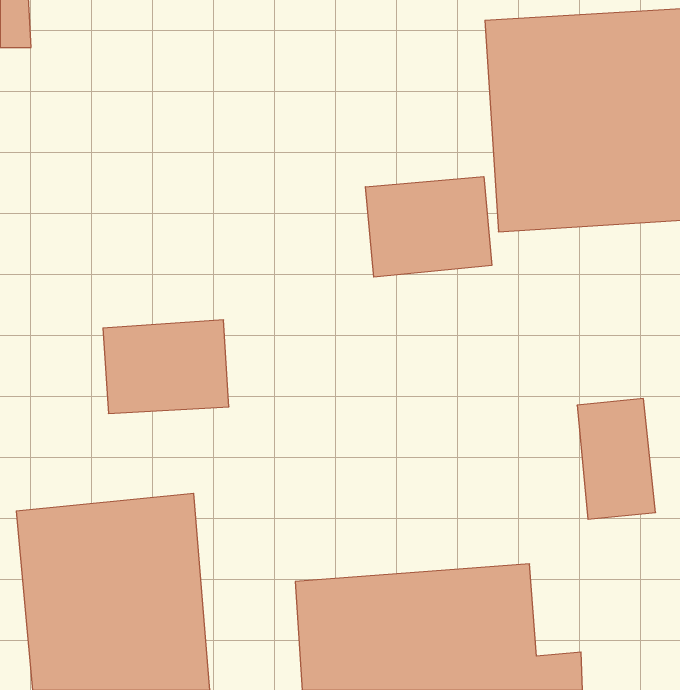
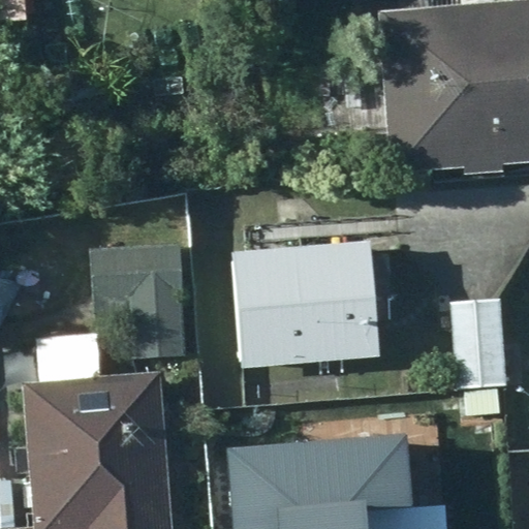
building: [365,177,492,277] -> none
building: none -> [235,246,378,369]

